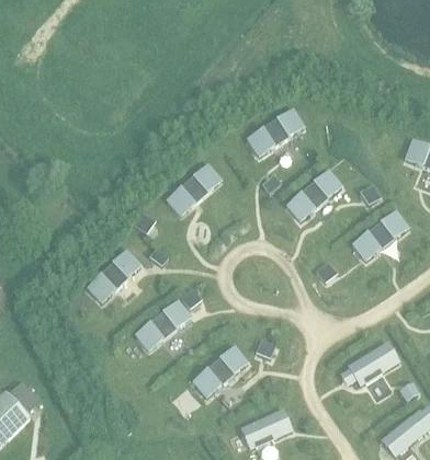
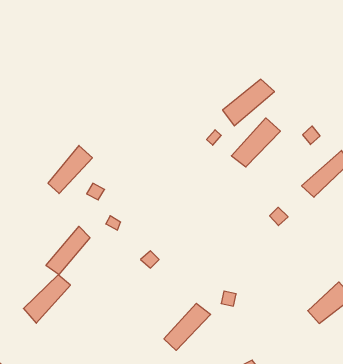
building: [248,112,303,156] -> [223,79,274,126]
building: [170,165,218,211] -> [48,145,92,194]
building: [140,303,191,349] -> [23,275,70,323]

